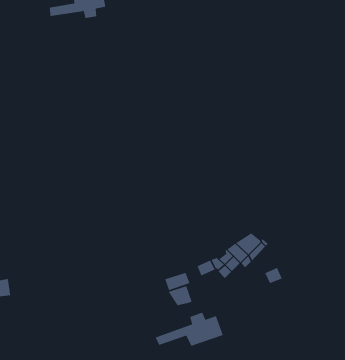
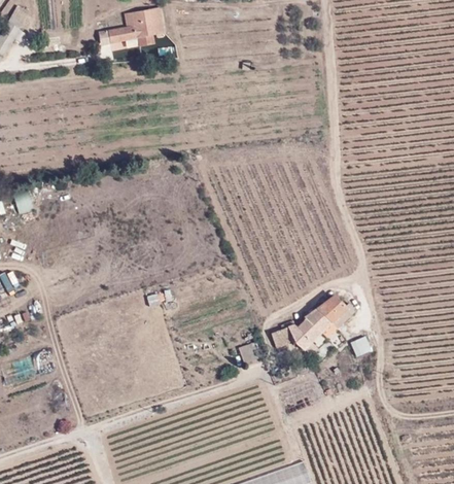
building: [168,285,193,306] -> none
building: [155,312,224,347] -> none

